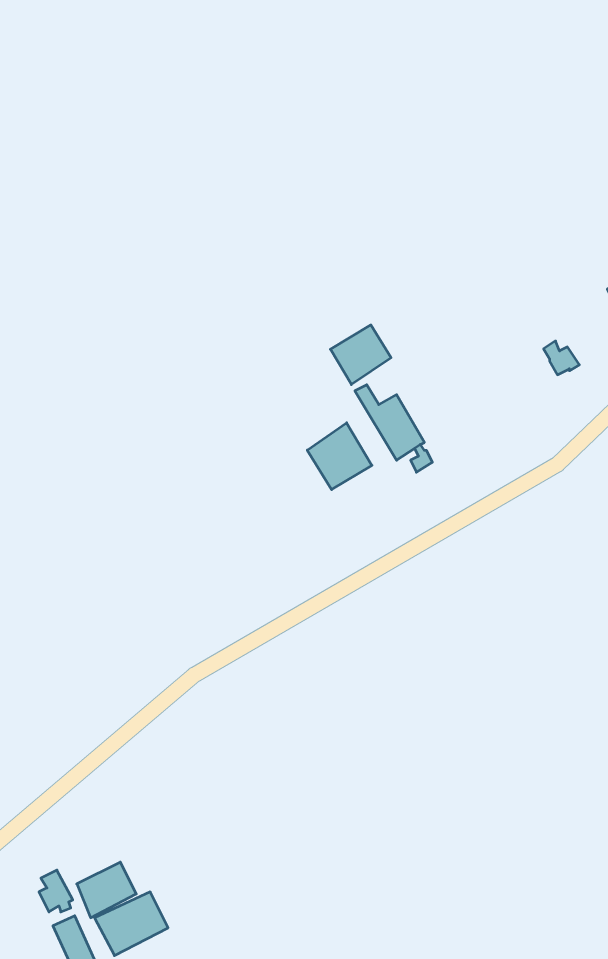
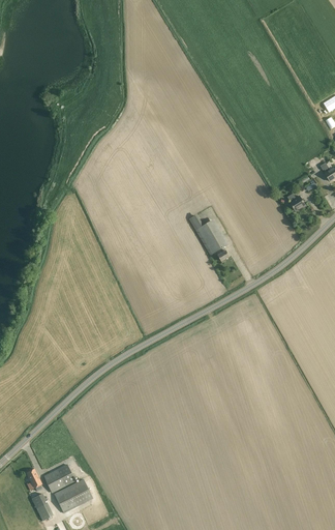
building: [330,325,391,385] -> none
building: [307,423,372,490] -> none

